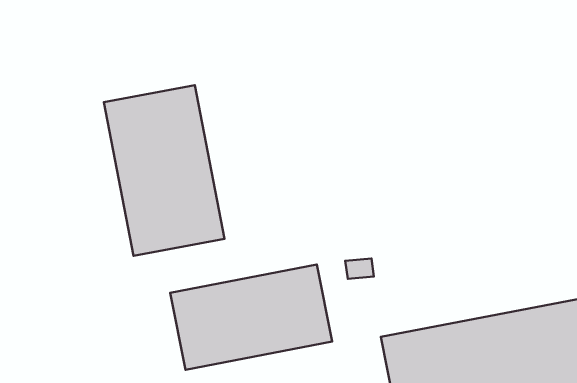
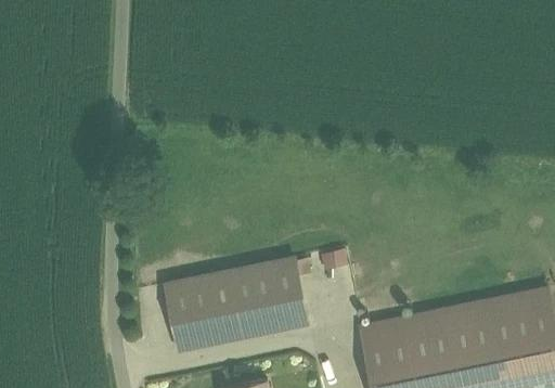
building: [104,85,225,256] -> none

